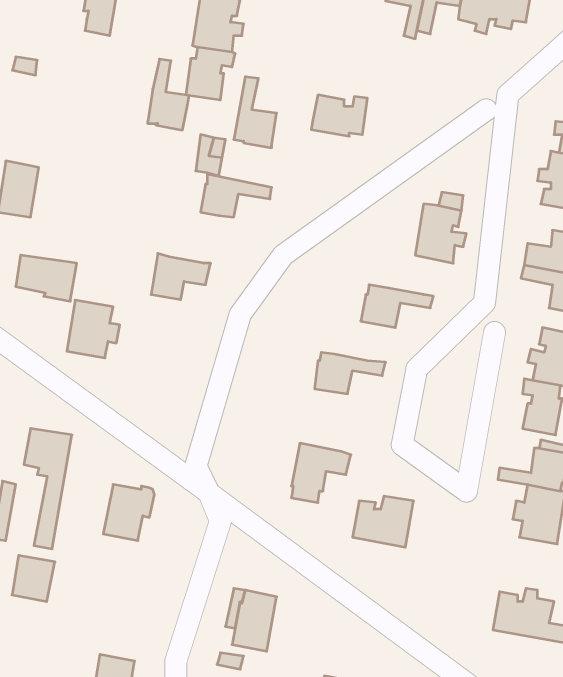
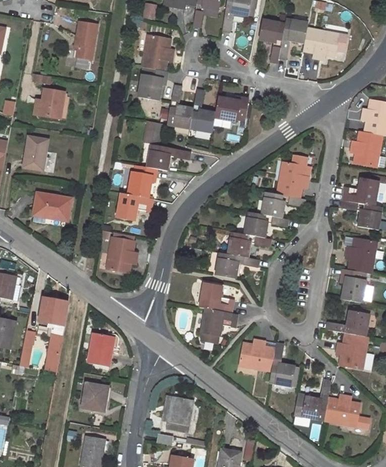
building: [148,59,189,130] -> [189,89,214,132]
building: none -> [32,89,64,118]
building: none -> [127,164,157,198]
building: none -> [260,191,303,217]
building: [67,300,120,358] -> [105,237,137,272]
building: none -> [227,231,270,257]
building: none -> [199,282,234,312]
building: none -> [268,342,294,385]
building: [12,555,55,602] -> [82,382,108,410]
building: none -> [301,380,330,420]

